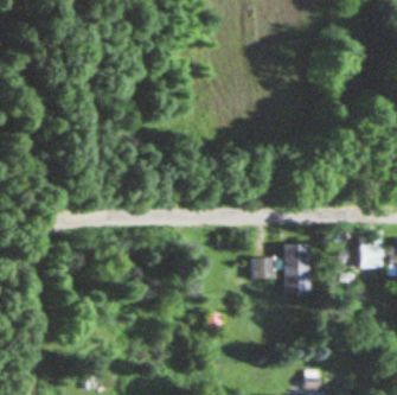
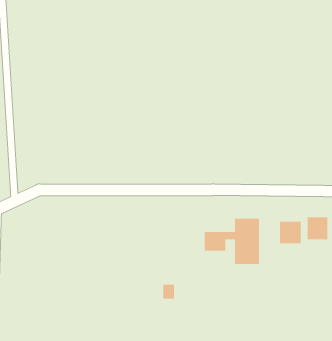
building: none -> [279,221,302,244]

